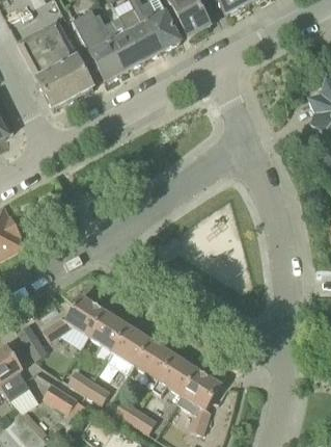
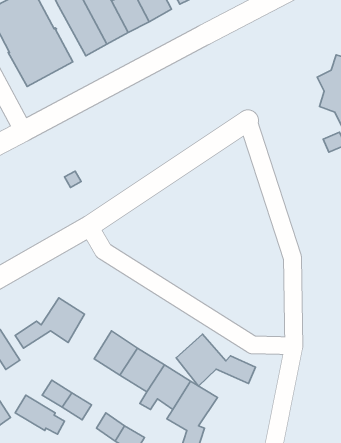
building: [89,310,128,349] -> none
building: none -> [176,334,256,386]

